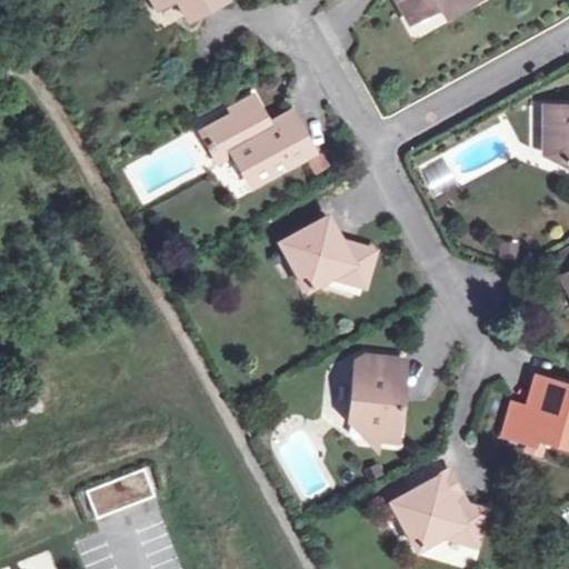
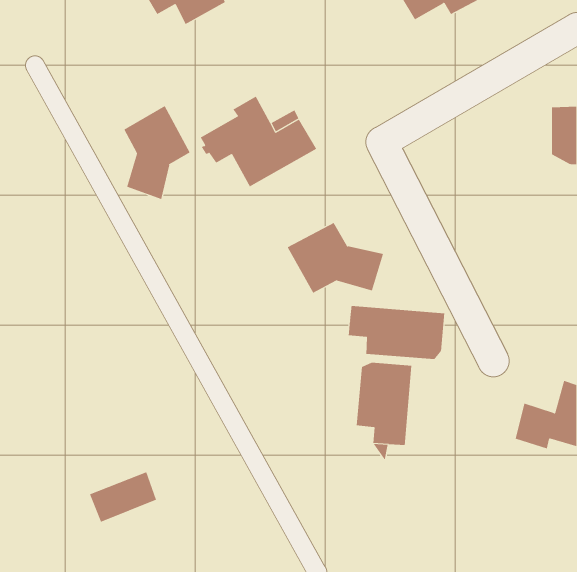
building: none -> [123,105,191,200]
building: none -> [348,305,445,360]
building: [397,471,495,552] -> none

